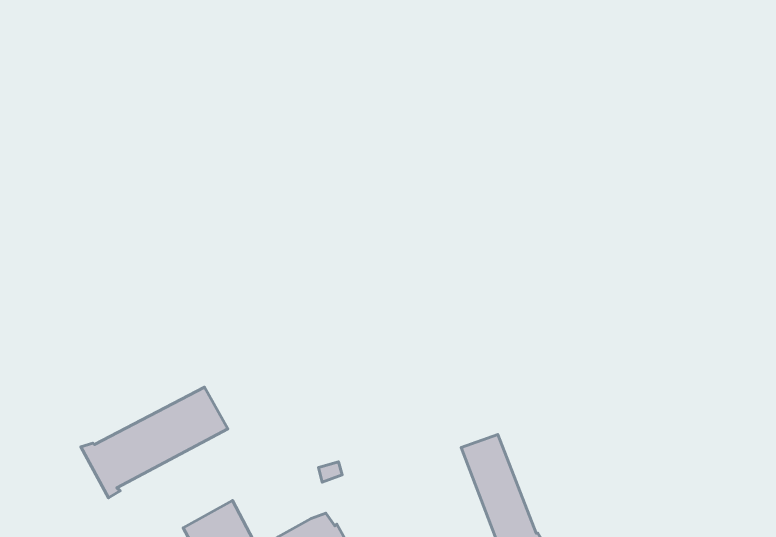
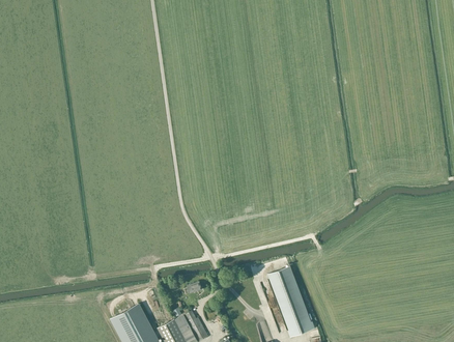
building: [81,387,228,498] -> none

